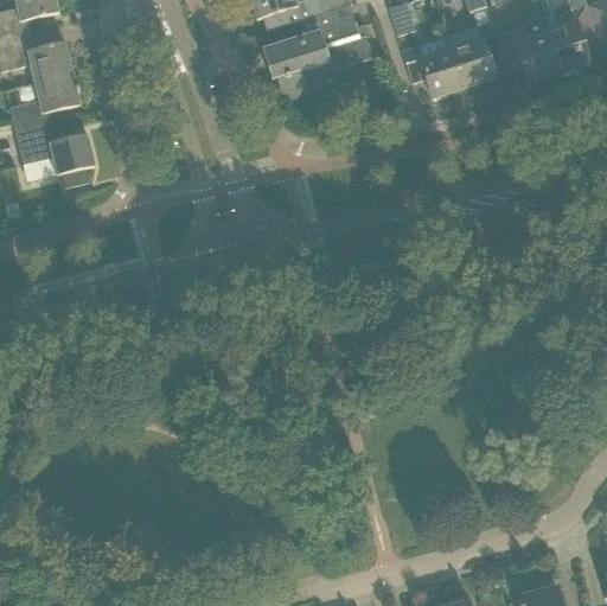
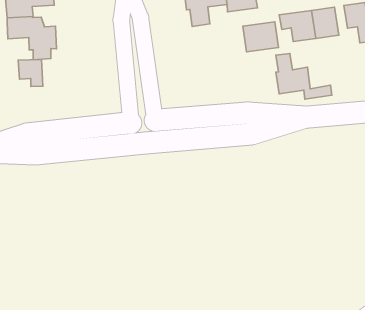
building: none -> [243,22,278,52]
building: none -> [276,53,332,99]
building: none -> [18,59,43,86]

